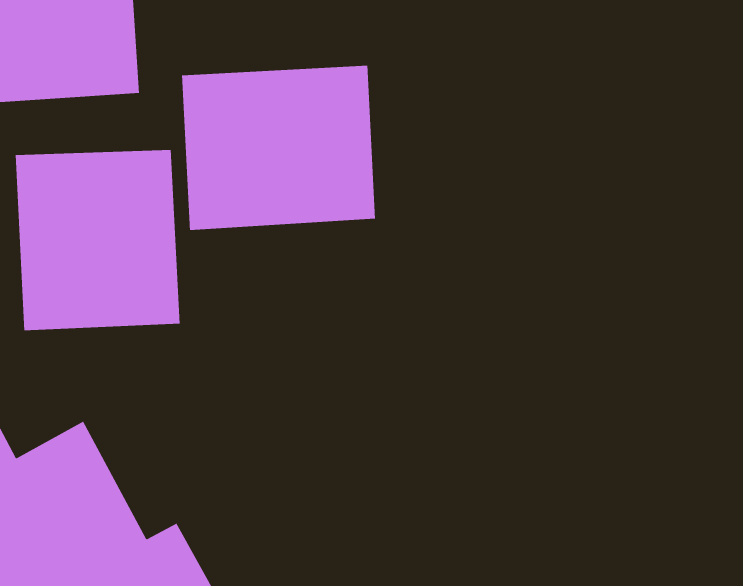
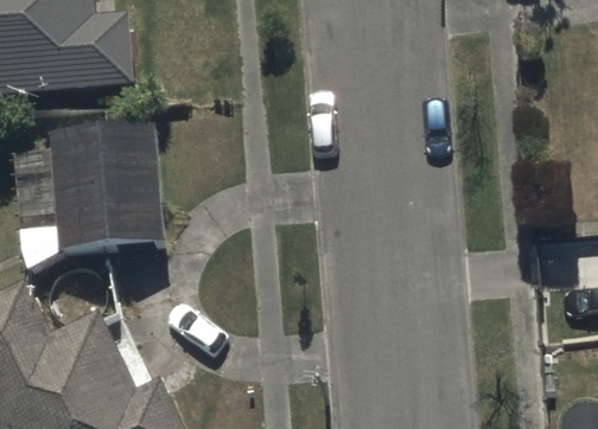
building: [182,65,376,231] -> none

